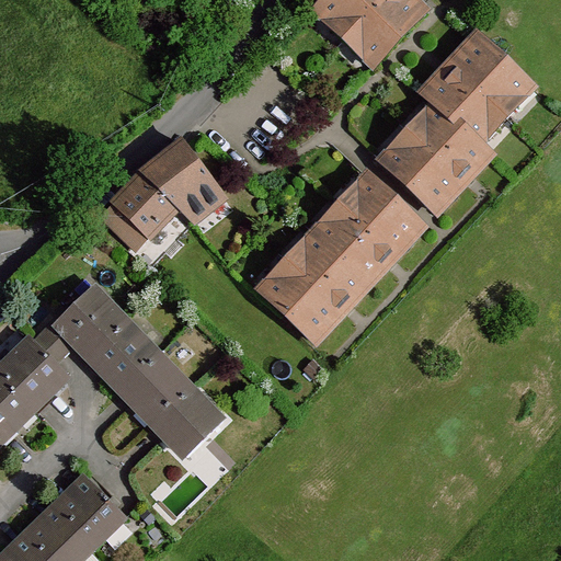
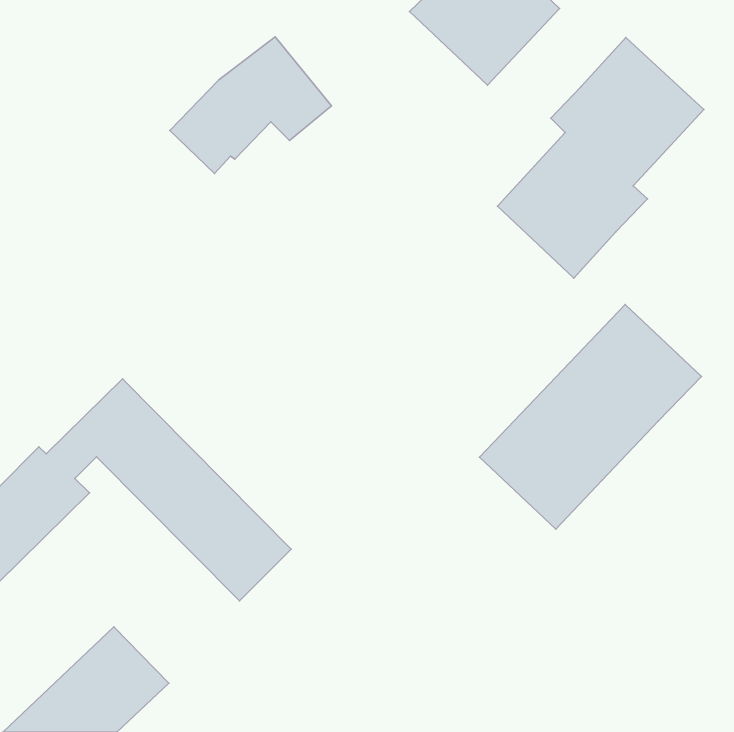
building: [104,147,227,251] -> [170,37,331,174]
building: [253,171,422,342] -> [480,304,702,529]

